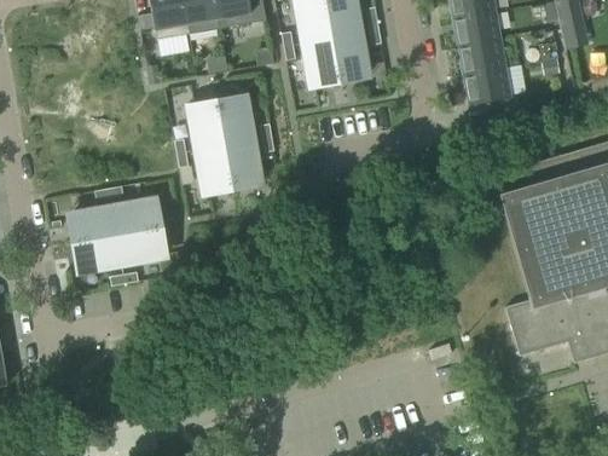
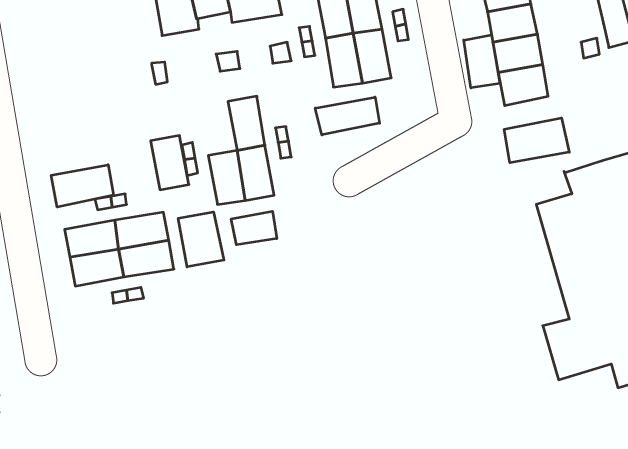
building: none -> [464,35,500,88]
building: none -> [315,97,380,135]
building: [190,103,225,152] -> [151,136,189,190]
building: none -> [504,118,569,163]
building: none -> [51,165,113,207]
building: none -> [231,211,277,245]
building: none -> [178,212,224,267]

